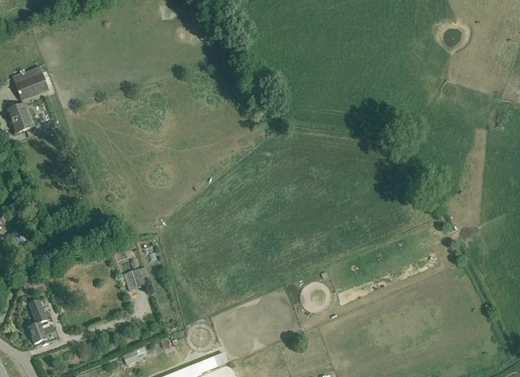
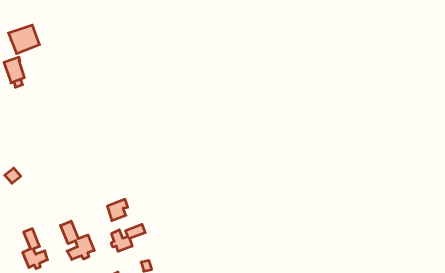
building: none -> [60,221,94,260]
building: none -> [111,224,145,251]

